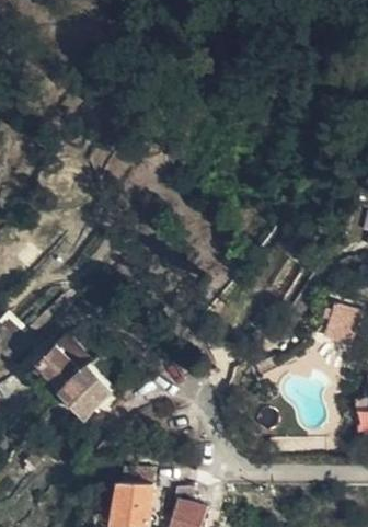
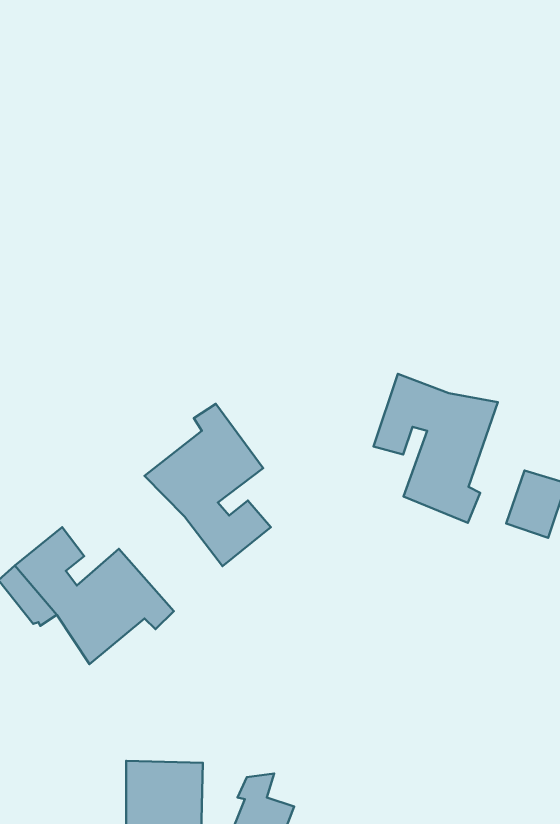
building: none -> [374,374,498,523]
building: none -> [145,404,271,566]

